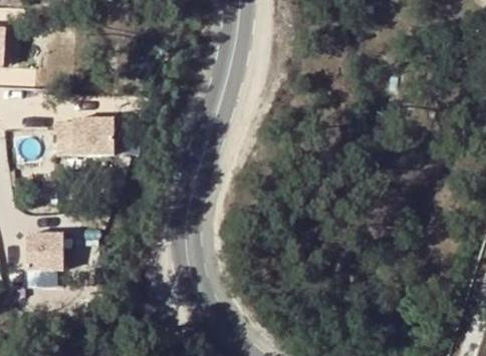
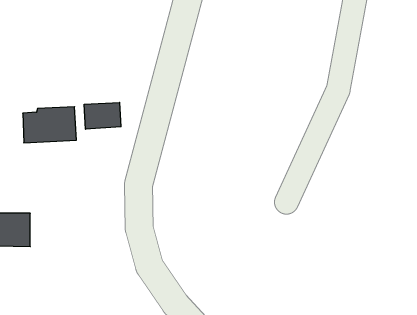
building: none -> [84,102,121,129]

